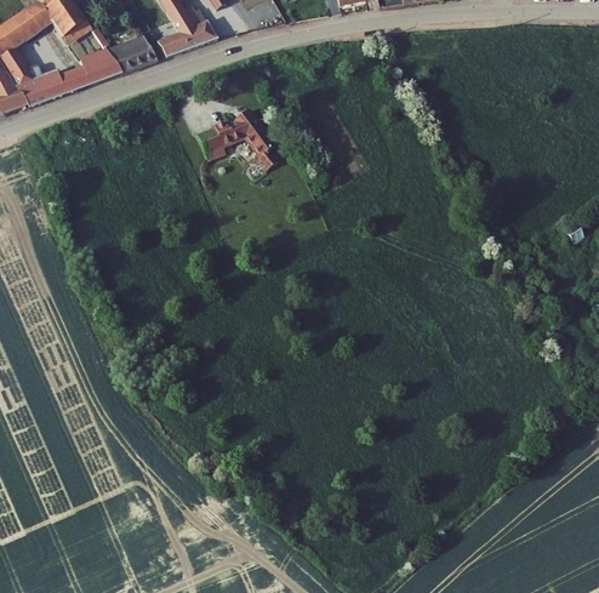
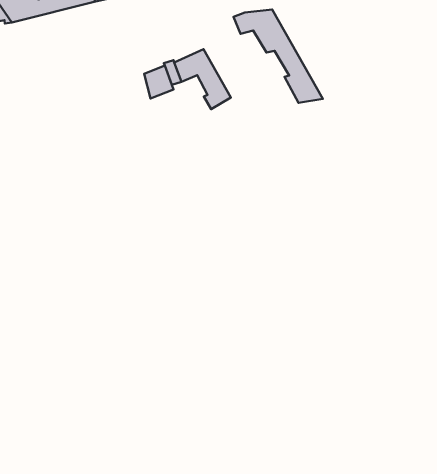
building: none -> [233,9,323,103]

